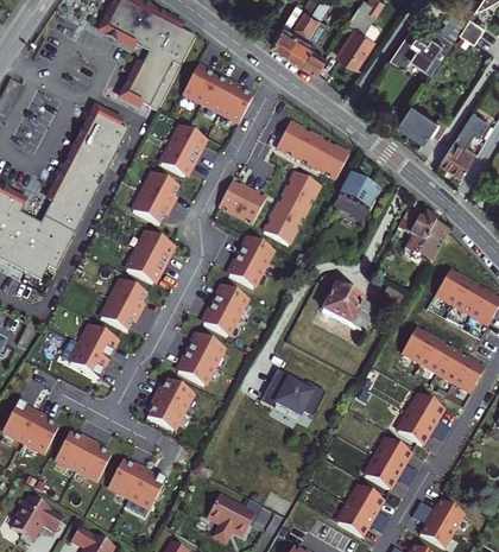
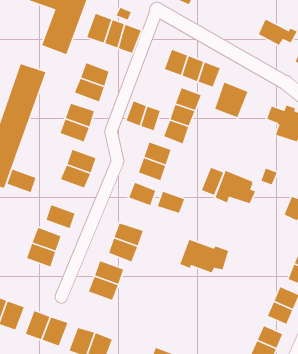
building: none -> [201,167,224,196]
building: [110,279,150,313] -> [6,168,37,193]
building: [200,303,236,335] -> [157,191,185,214]

